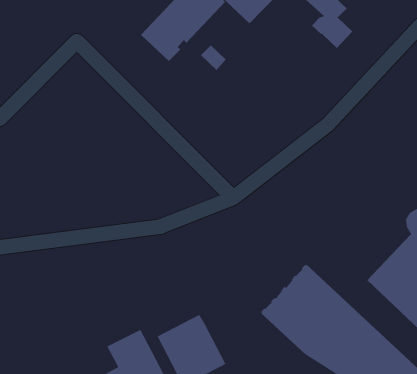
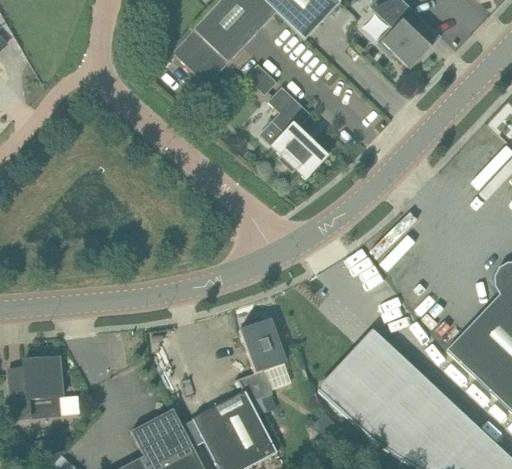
building: none -> [268,86,328,178]
building: none -> [234,318,285,401]
building: none -> [8,353,62,418]

